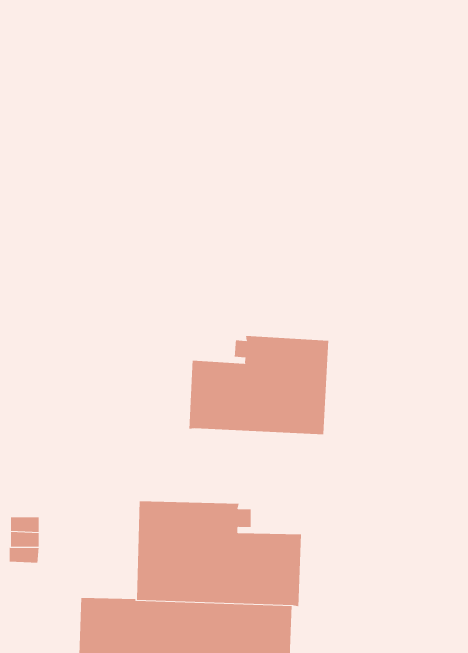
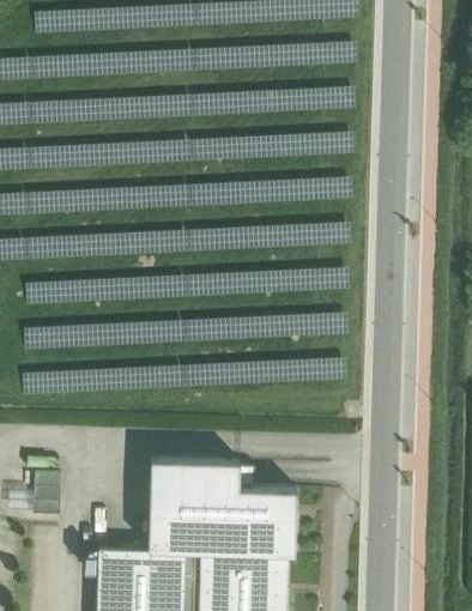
building: [189,335,329,435] -> none

